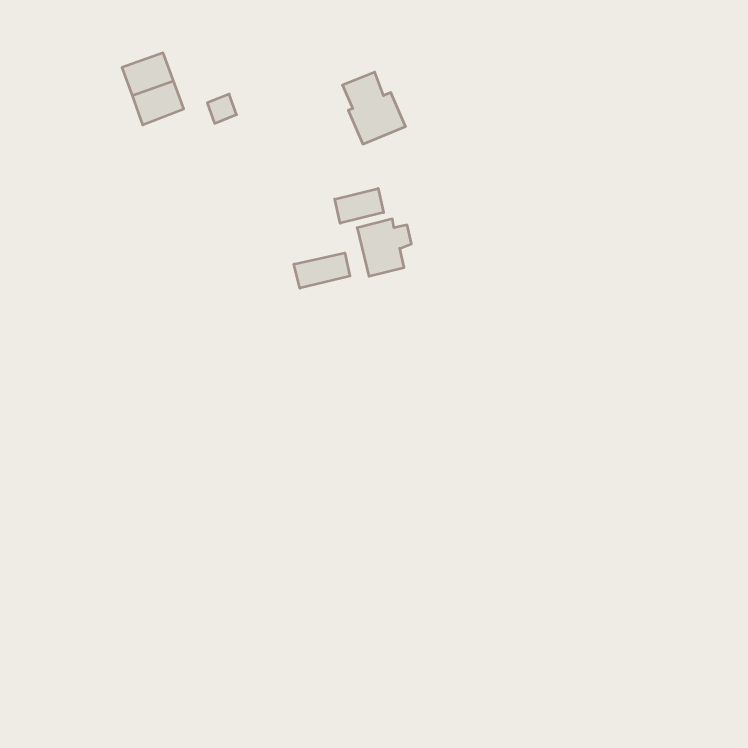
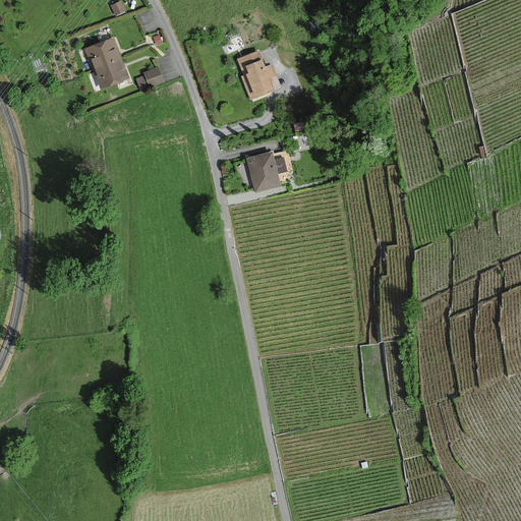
building: [335,188,384,223] -> none
building: [294,253,350,288] -> none

